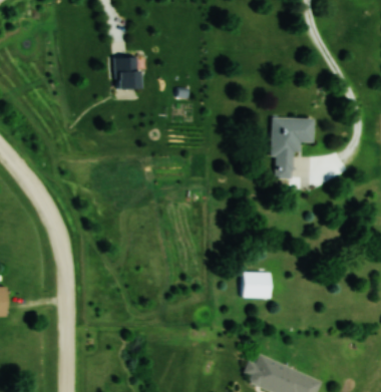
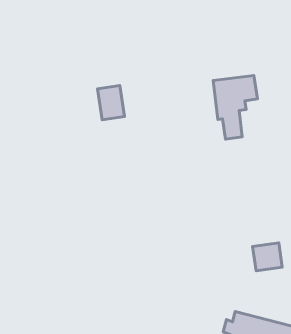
building: [115,57,138,89] -> [98,86,124,120]
building: [243,273,270,298] -> [252,243,282,271]

